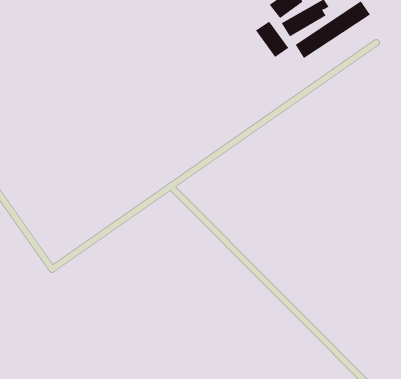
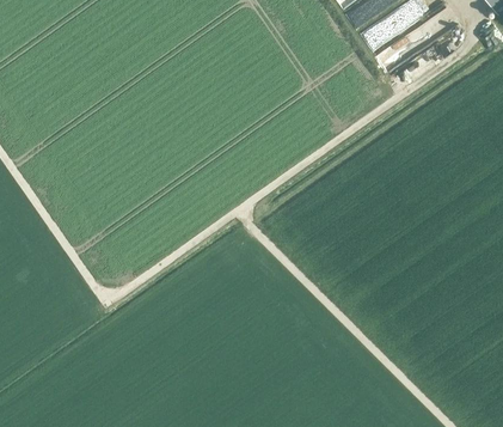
building: [255,21,289,58] -> none

